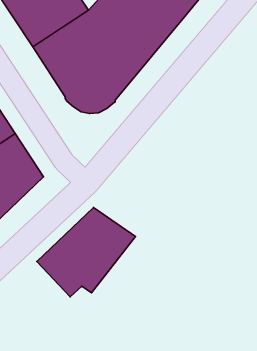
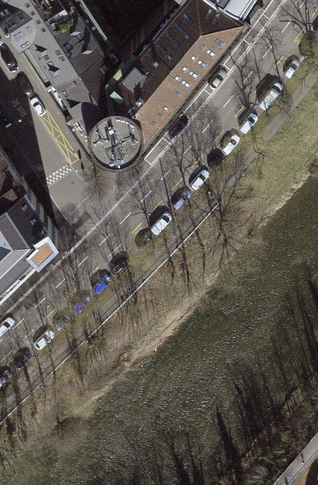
building: [37,208,136,297] -> none

